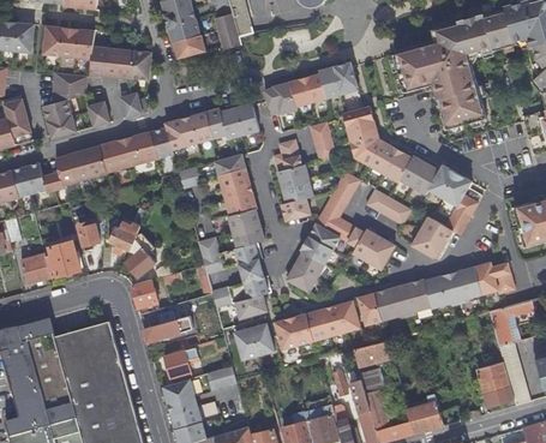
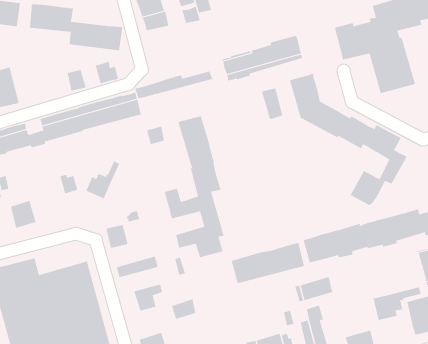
building: [42,72,85,137] -> none
building: [168,112,259,149] -> none
building: [274,139,313,220] -> none
building: [287,170,396,291] -> none
building: [366,188,412,223] -> none
building: [125,231,155,276] -> none
building: [46,239,79,276] -> none
building: [234,322,274,358] -> none
building: none -> [373,287,422,321]
building: [162,377,196,411] -> none

